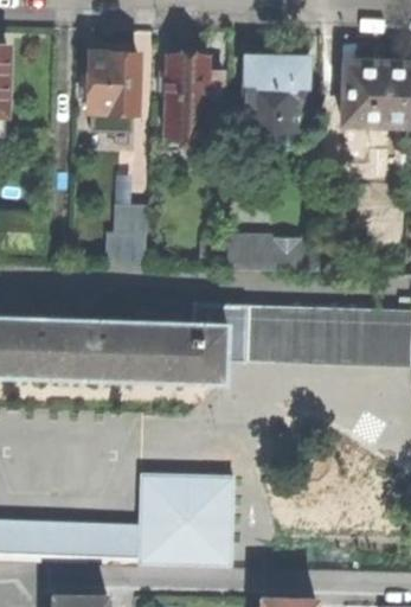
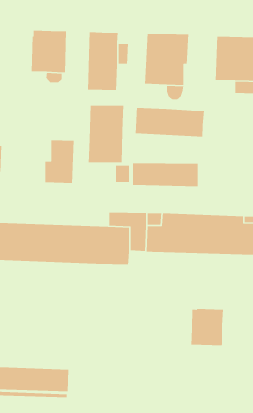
building: none -> [88,105,124,163]
building: none -> [135,107,205,137]
building: none -> [190,308,224,346]
building: [137,473,232,564] -> none

